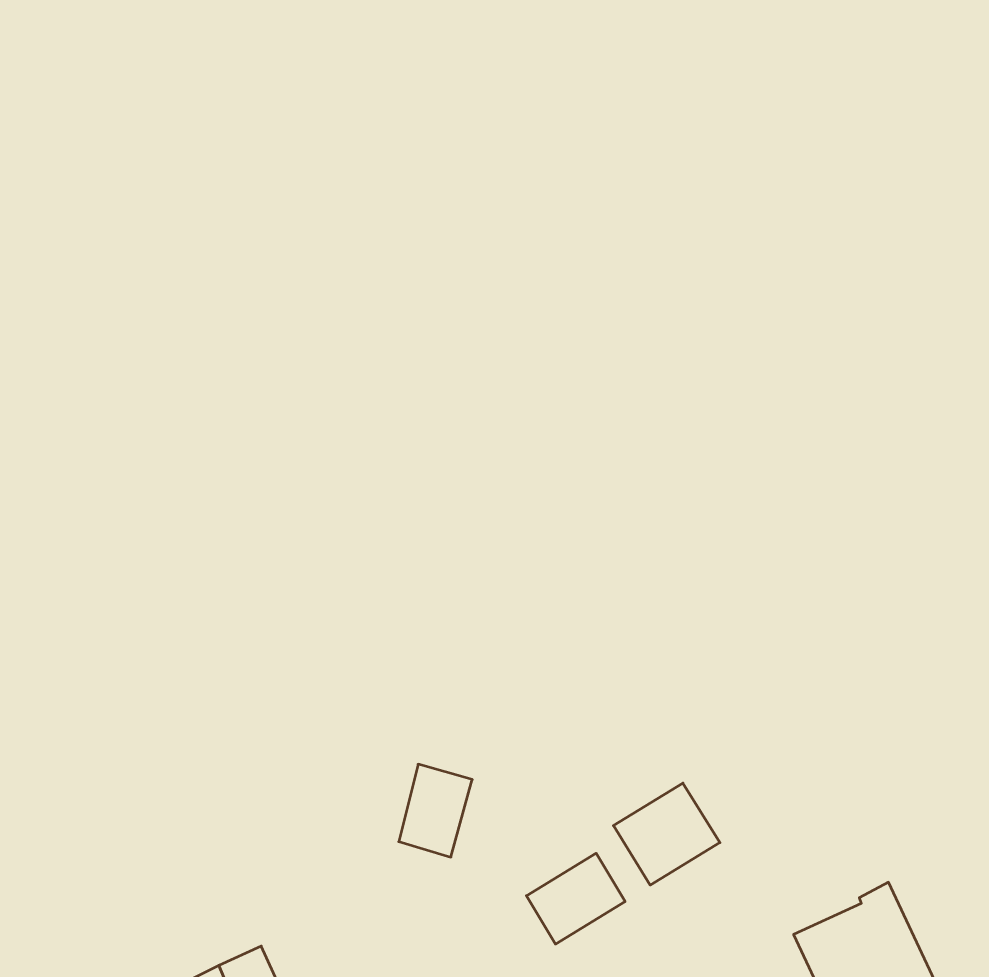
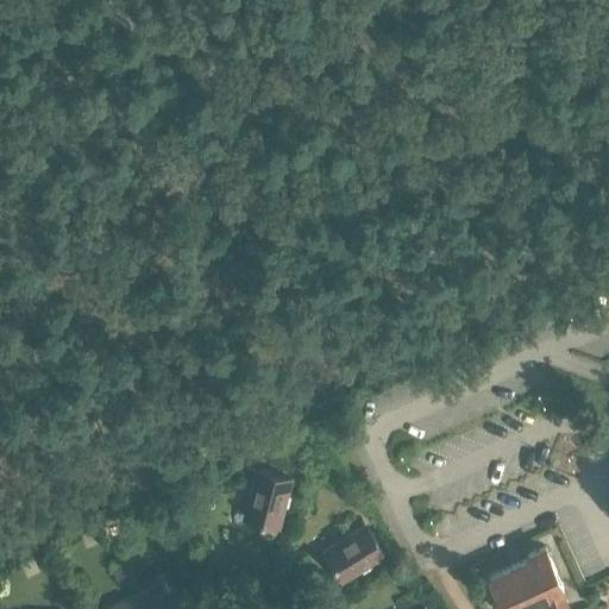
building: [613,783,720,885] -> none

